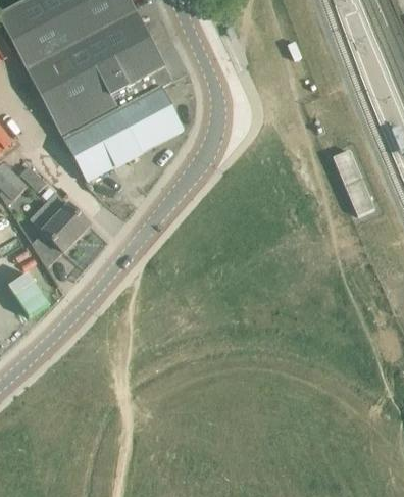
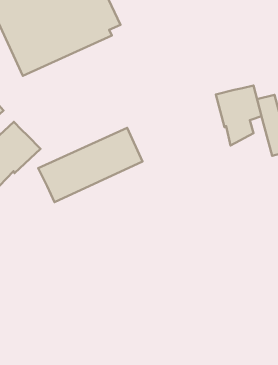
building: [67,92,184,180] -> [38,128,143,202]
building: none -> [216,86,261,146]

